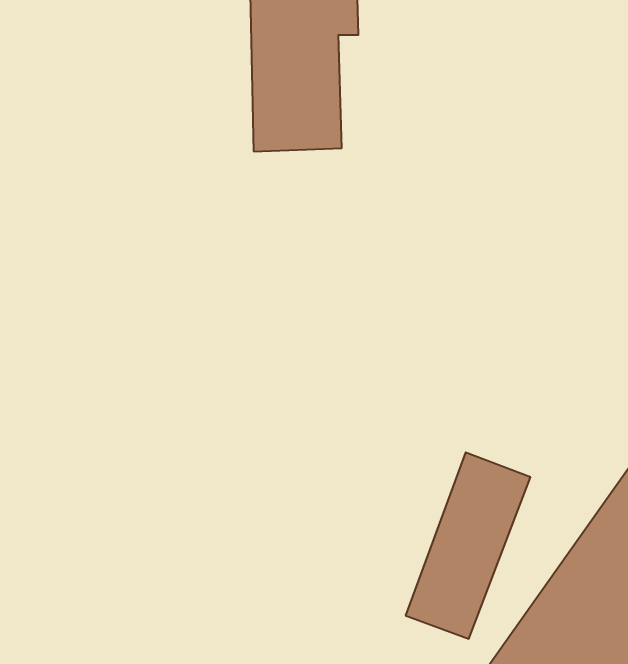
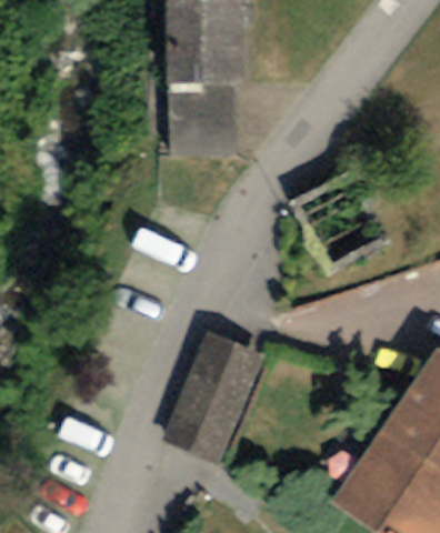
building: [406,452,530,639] -> [182,336,266,461]

